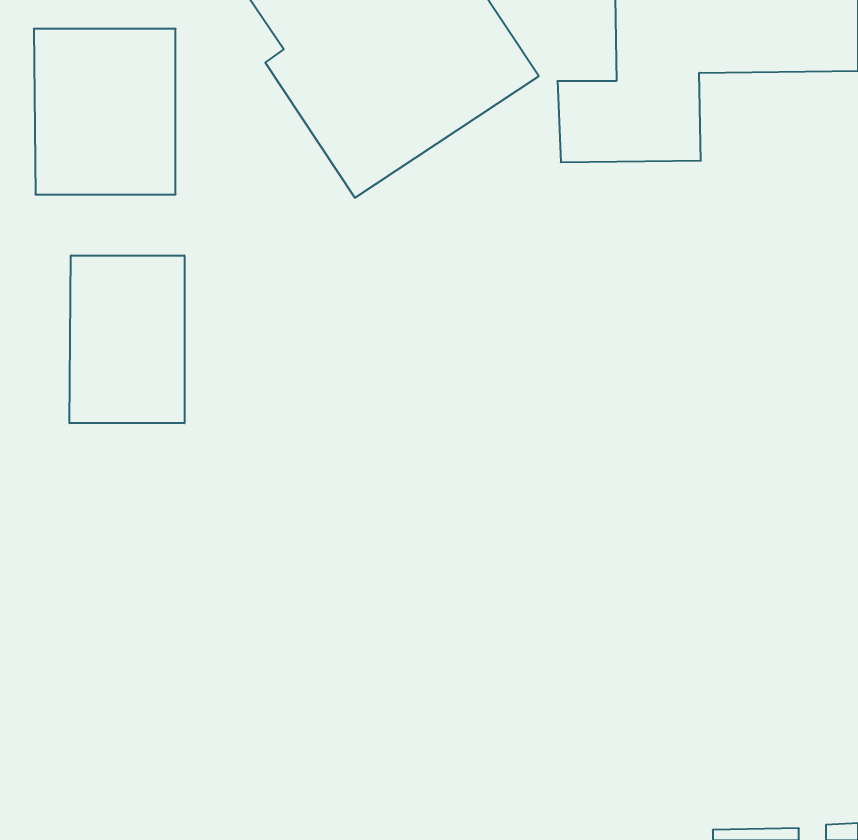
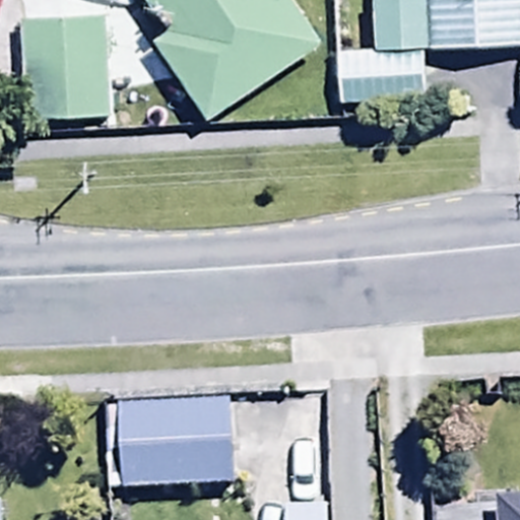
building: [70,255,184,423] -> none
building: none -> [123,396,232,483]

